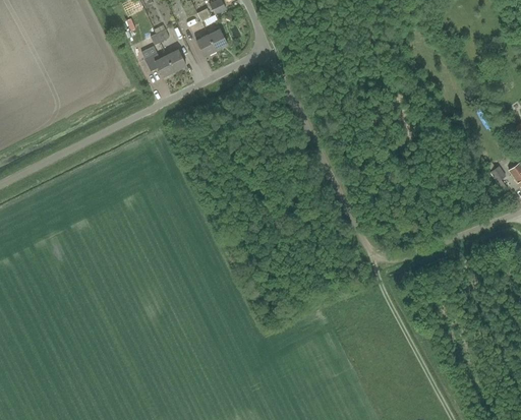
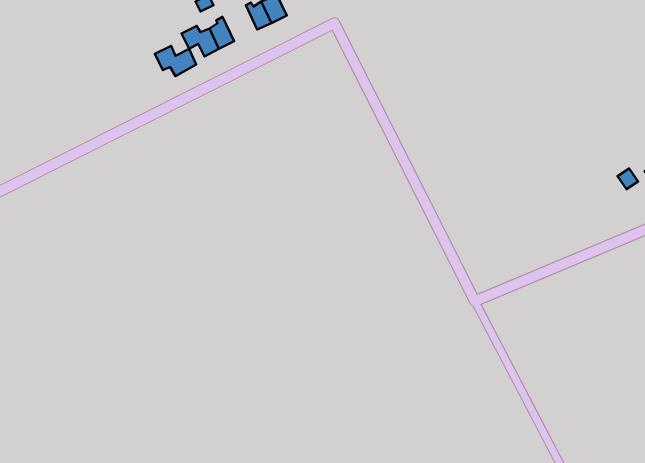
building: none -> [155,46,196,76]

